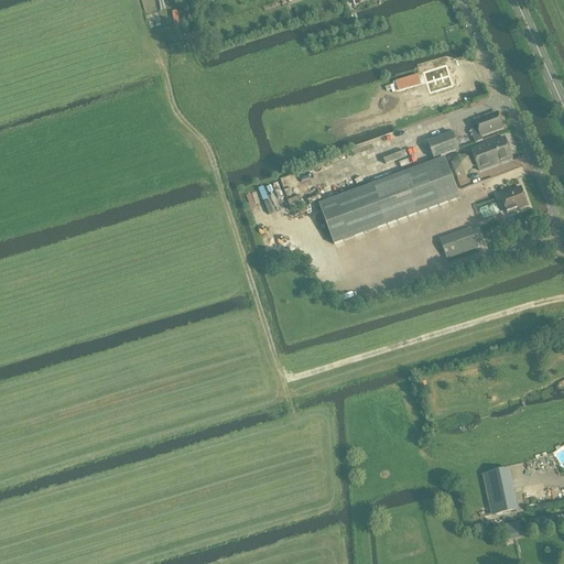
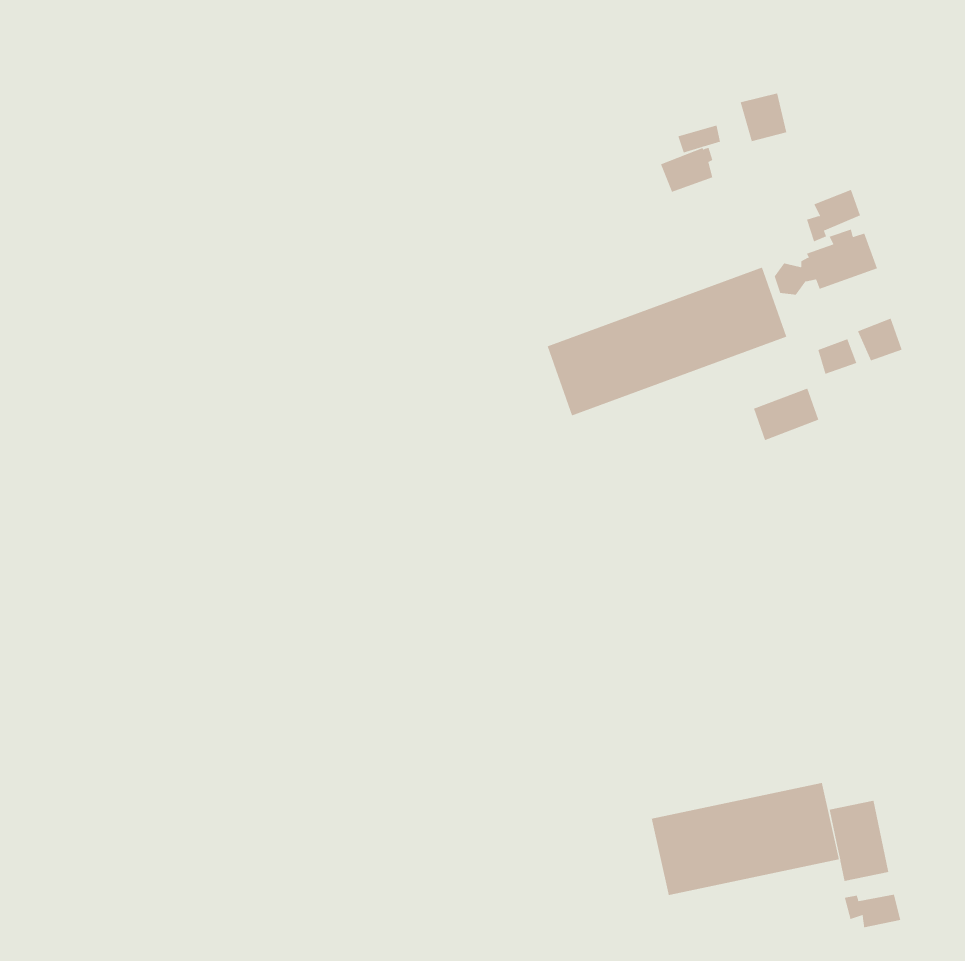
building: [426,130,457,156] -> [660,147,713,192]
building: none -> [651,782,839,896]
building: none -> [844,894,901,928]

